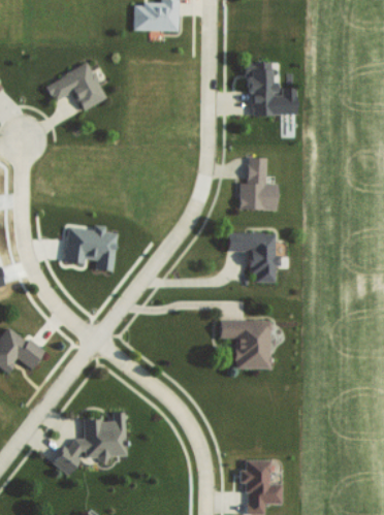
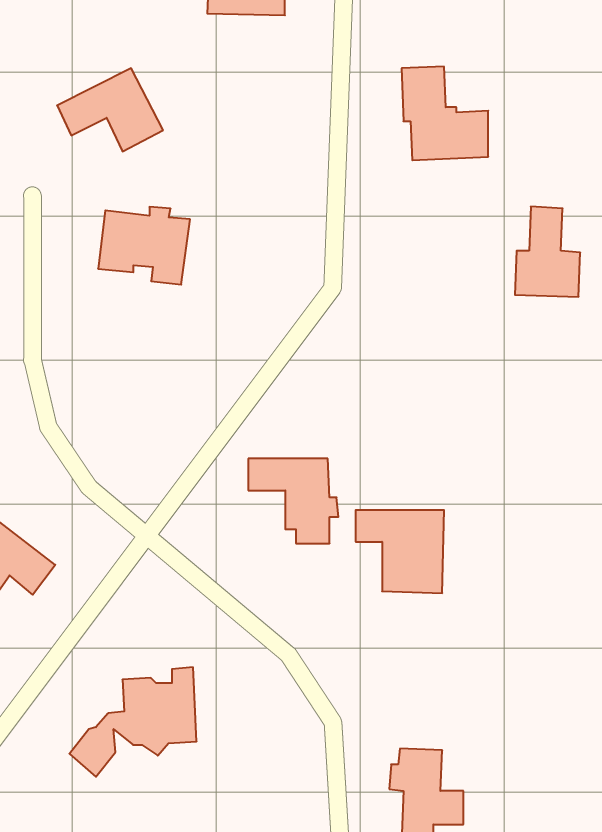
building: [238,157,277,210] -> [515,207,580,297]
building: [63,225,117,270] -> [98,207,190,285]
building: [227,232,280,282] -> [248,459,338,543]

